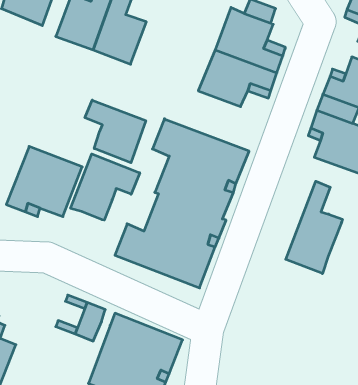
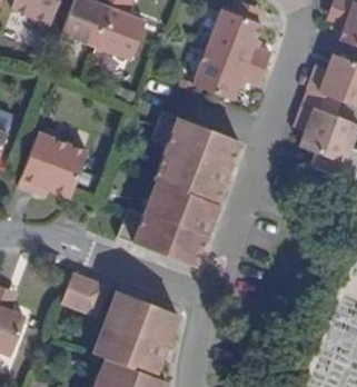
building: [85,100,146,163] -> none
building: [71,154,140,220] -> none
building: [286,181,342,274] -> none

